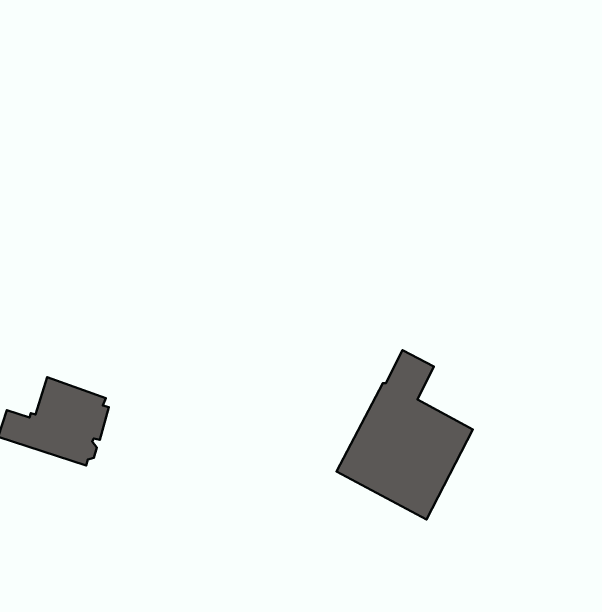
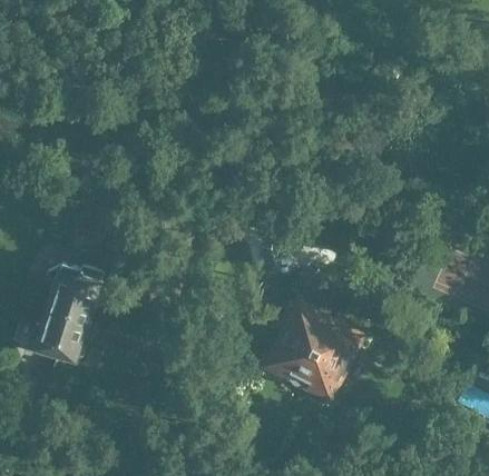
building: none -> [47,255,101,315]

